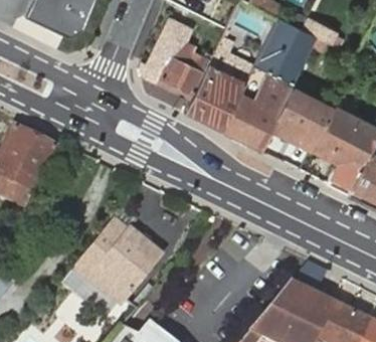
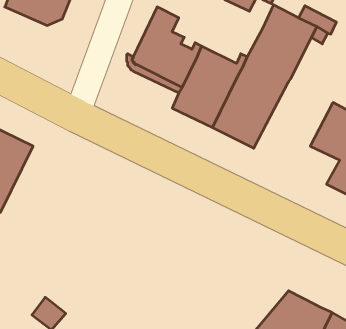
building: [271,88,335,147] -> none
building: [72,219,160,304] -> none

